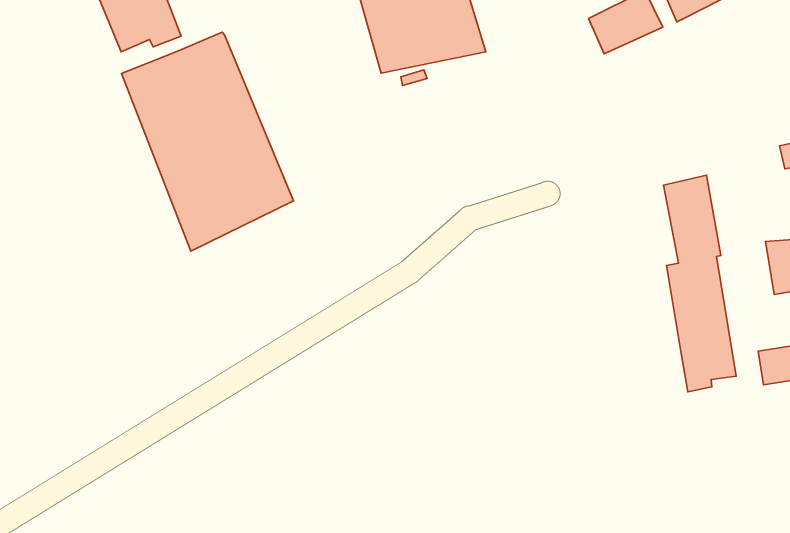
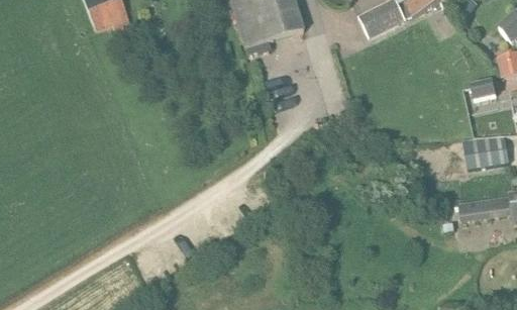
building: [122,32,293,251] -> none
building: [664,175,736,392] -> none

